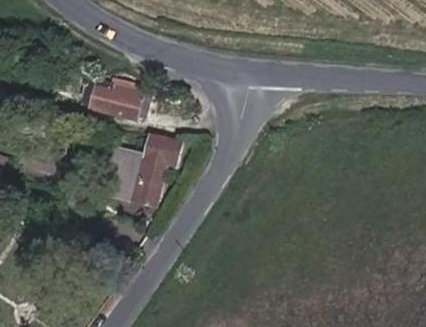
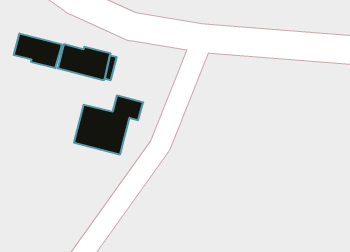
building: none -> [14,33,62,68]

